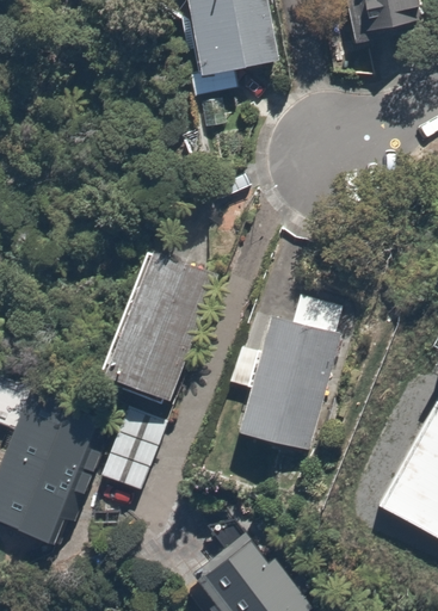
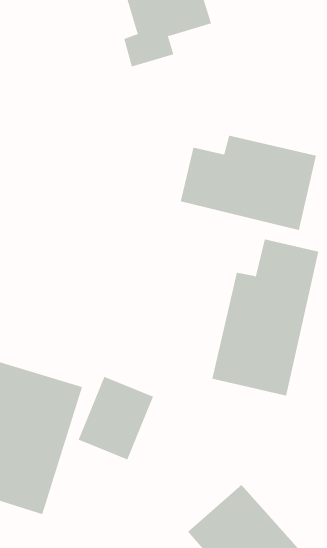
building: none -> [180,135,317,231]
building: [99,247,224,407] -> none

